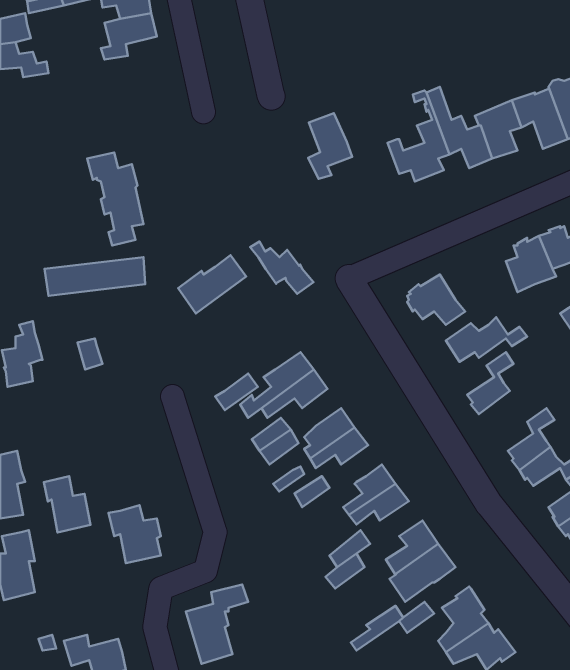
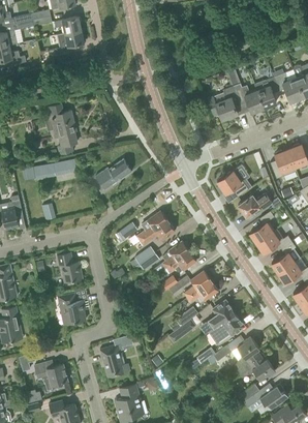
building: [308,113,352,179] -> none
building: [250,242,314,294] -> none
building: none -> [255,228,291,251]
building: [44,476,90,532] -> [57,251,82,281]

